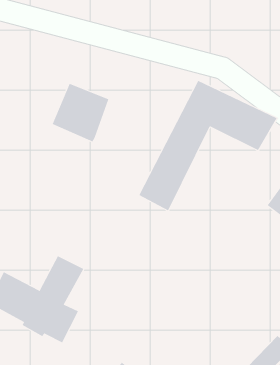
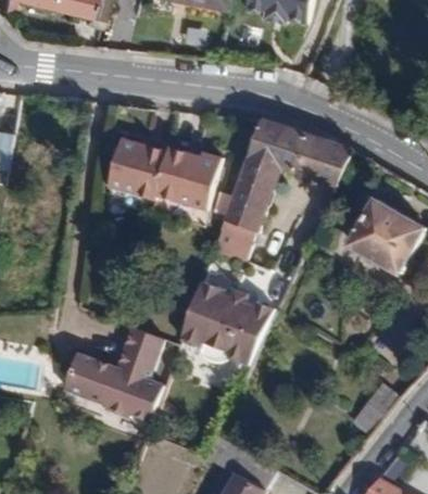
building: none -> [158,147,223,208]
building: none -> [179,281,276,366]

